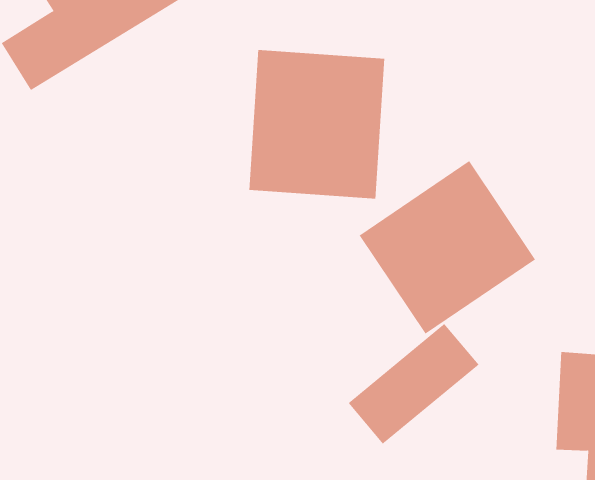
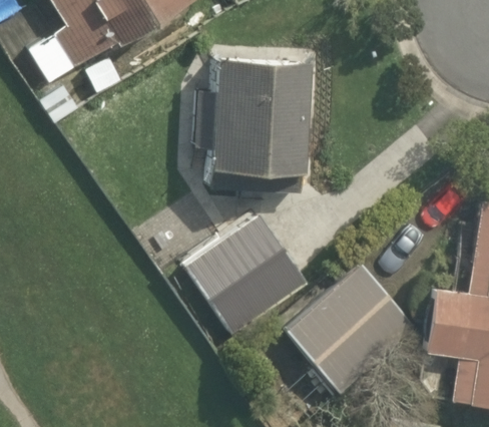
building: [359,160,536,335] -> none
building: none -> [180,219,304,334]

